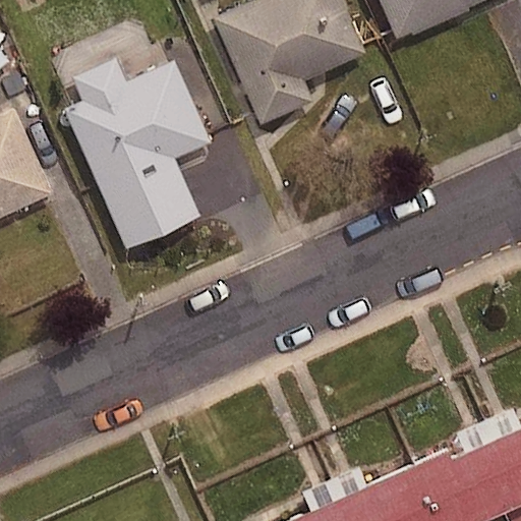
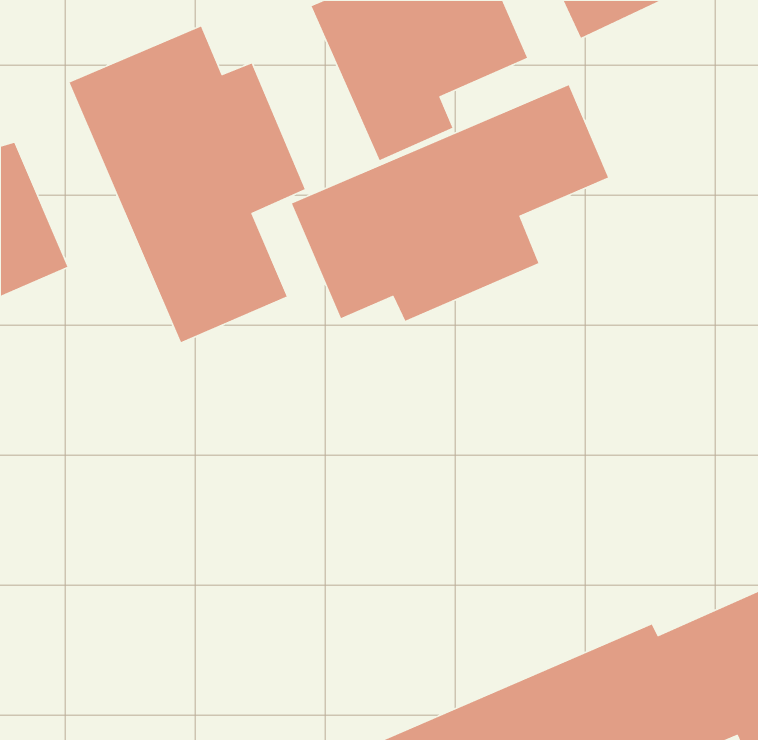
building: none -> [291,84,609,322]

